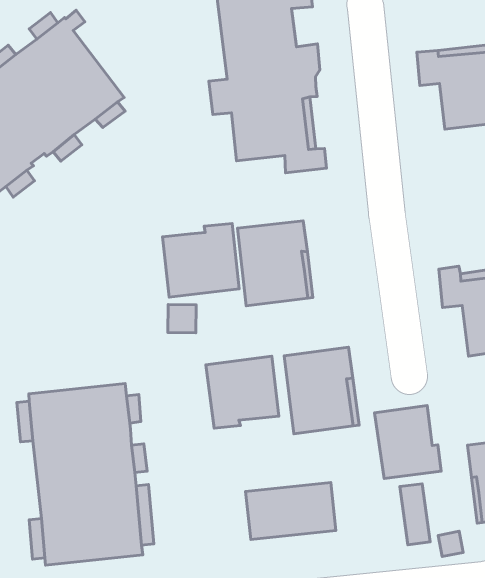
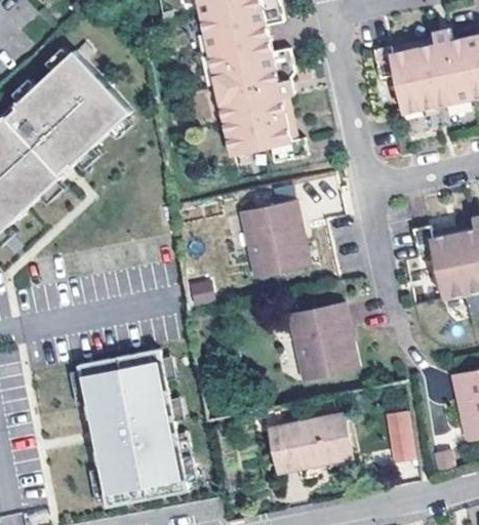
building: [163,223,239,297] -> none
building: [206,356,279,428] -> none
building: [375,406,441,479] -> none

